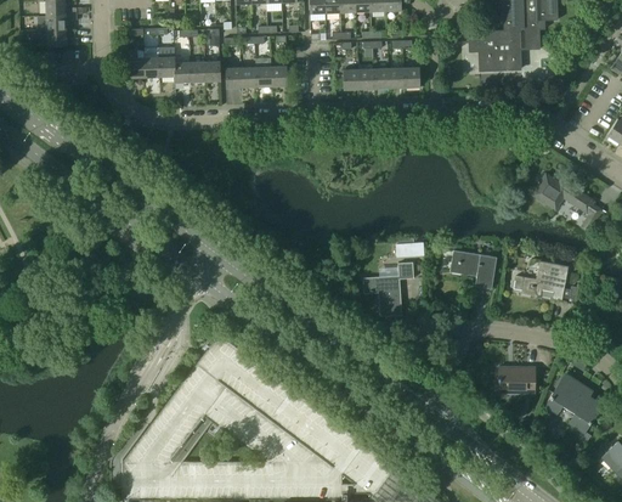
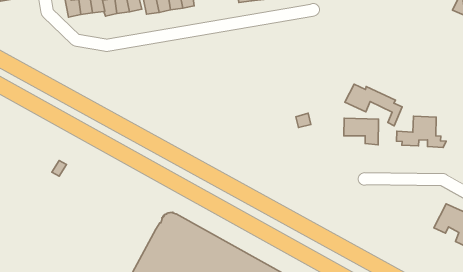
building: [531,174,601,232] -> [345,84,402,126]
building: [363,263,414,316] -> none
building: [498,367,535,394] -> none

